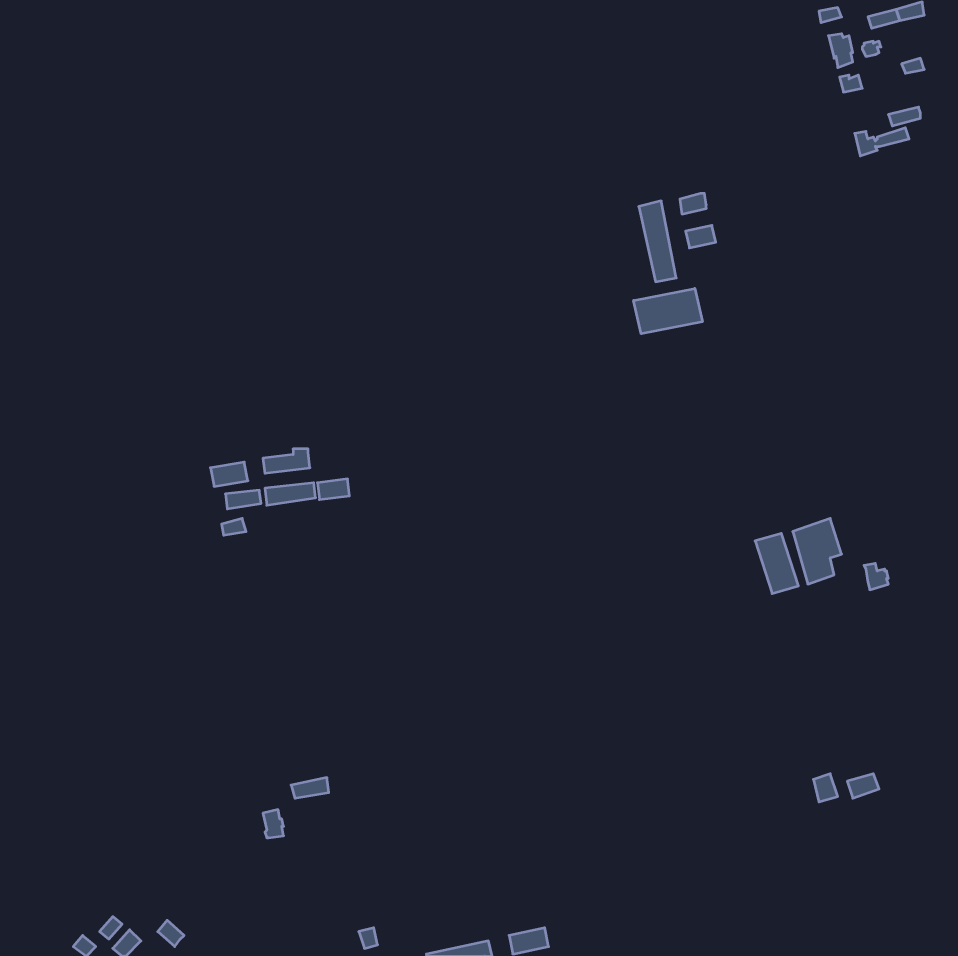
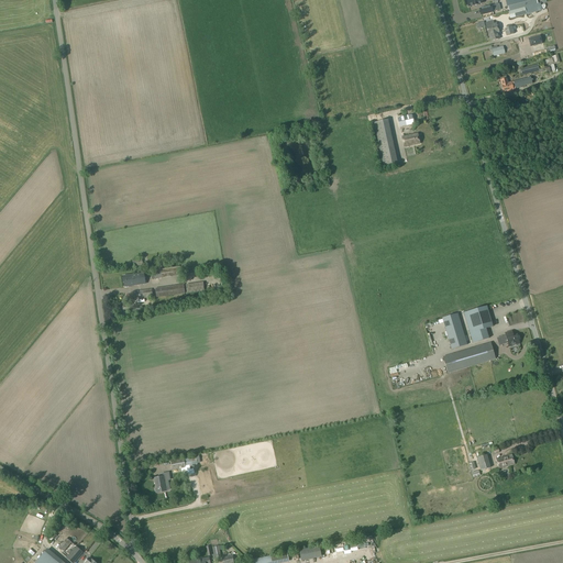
building: [634,288,702,334] -> none
building: none -> [444,341,497,372]

